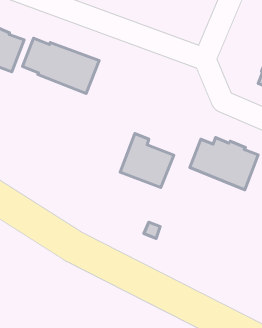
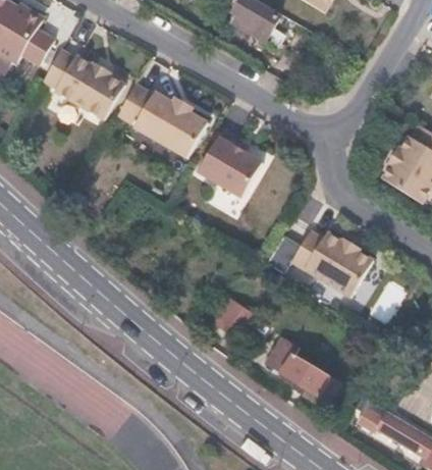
building: [120,134,174,187] -> [198,130,263,198]
building: none -> [267,346,338,400]

